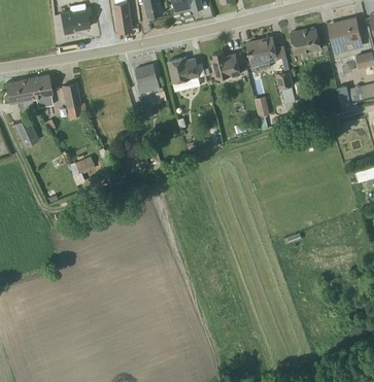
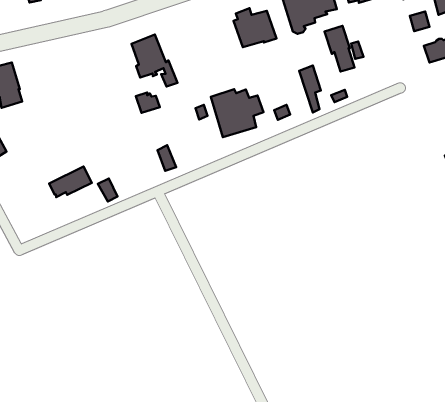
building: [168,57,205,91] -> [211,89,263,137]
building: [61,81,82,120] -> none

